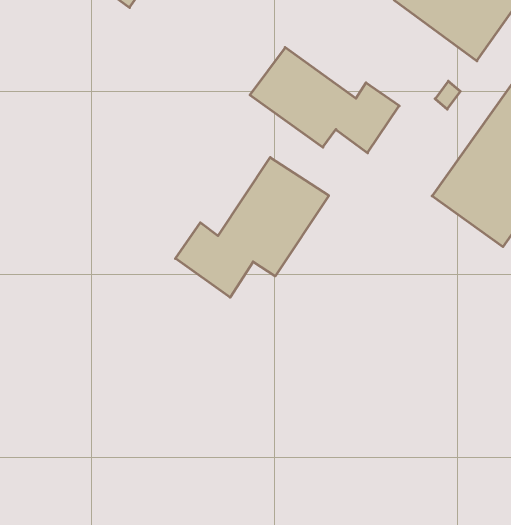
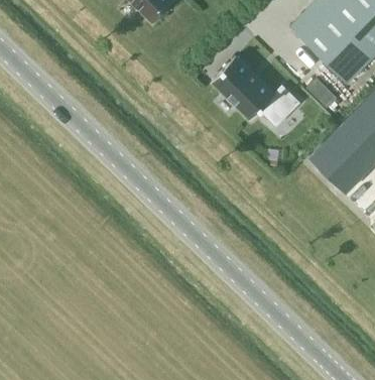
building: [175,157,329,297] -> none

